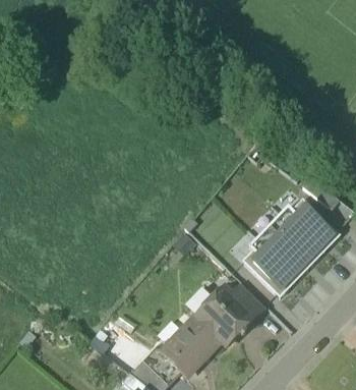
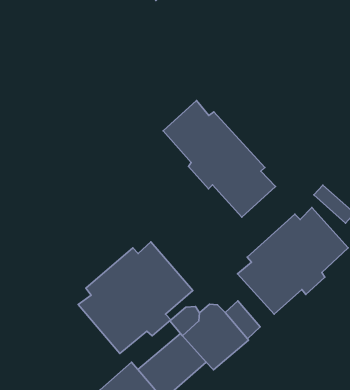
building: none -> [163,100,275,217]
building: none -> [78,242,193,354]

